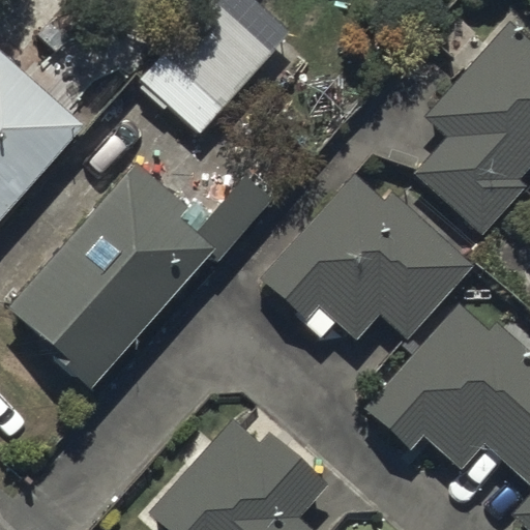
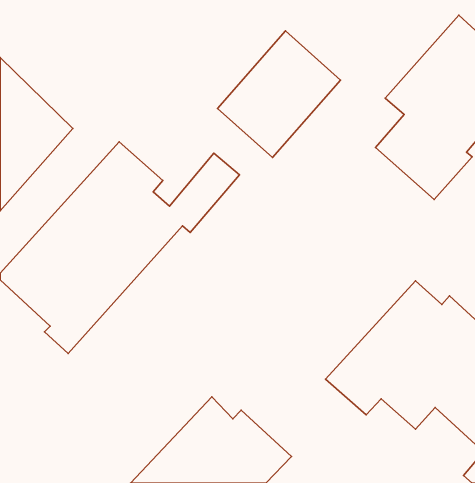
building: [145,9,279,148] -> [217,31,340,158]
building: [262,161,476,333] -> none

